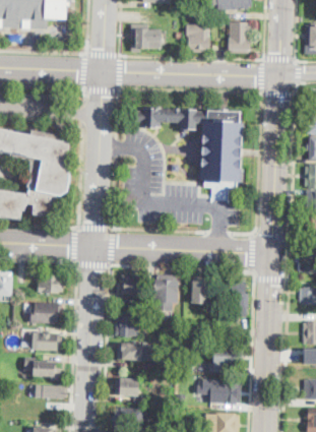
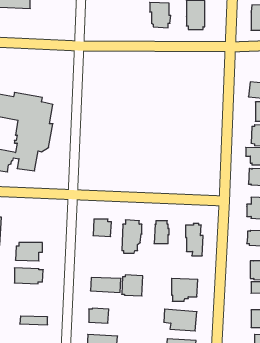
building: [130,25,161,53] -> none
building: [132,108,243,188] -> none
building: [37,272,64,292] -> none
building: [115,312,139,336] -> [122,275,143,296]
building: [23,357,60,380] -> none

